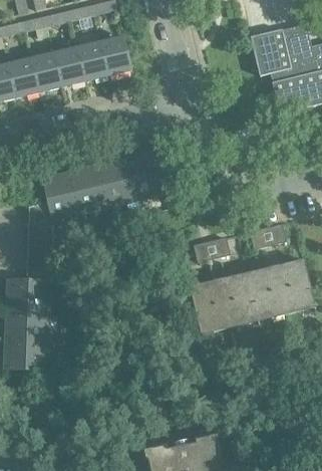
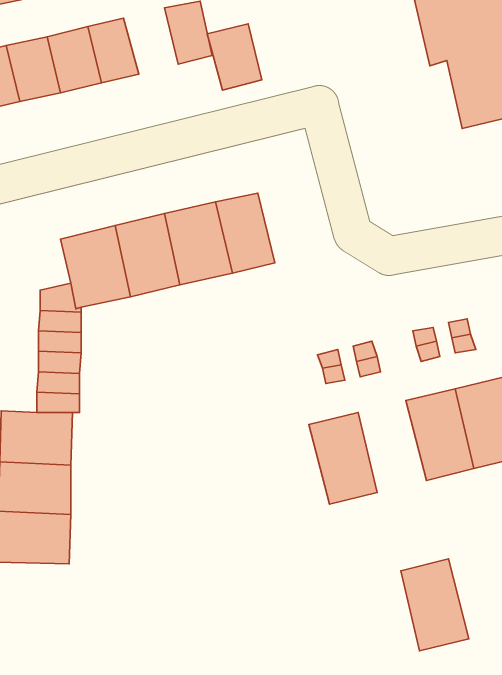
building: [78,40,110,79] -> [207,24,262,90]
building: [217,272,257,326] -> [401,559,469,651]

